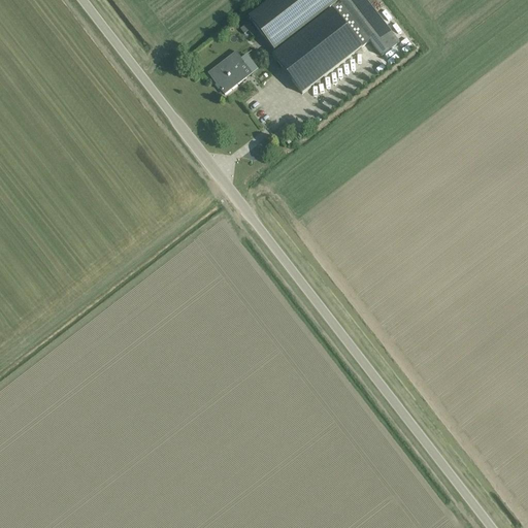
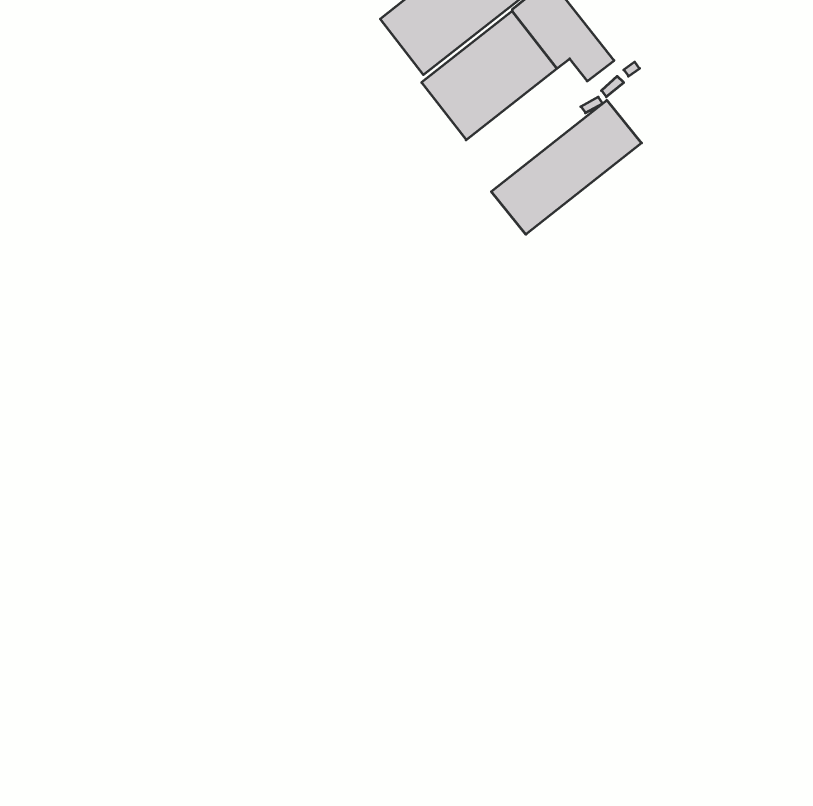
building: [208,48,253,92] -> none
building: none -> [491,100,642,234]

